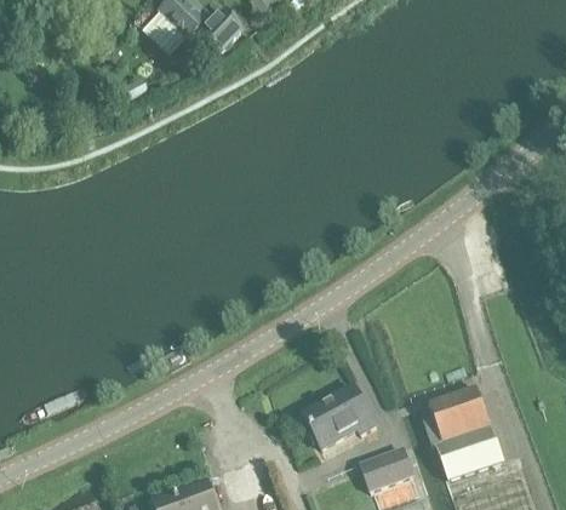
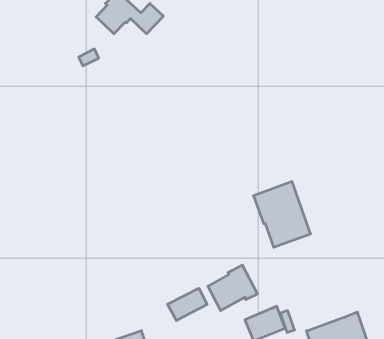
building: [419,386,502,481] -> [253,182,311,247]
building: none -> [168,288,207,321]

